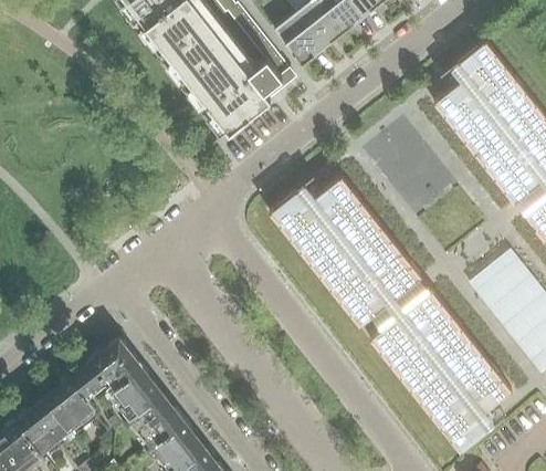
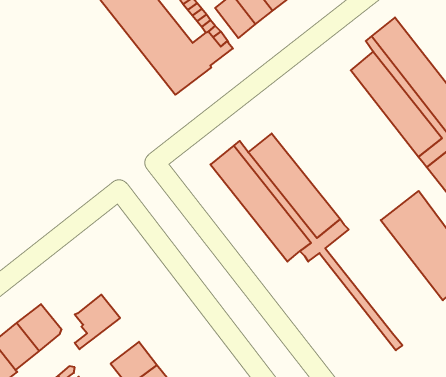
building: [403,290,512,414] -> none
building: [369,317,486,453] -> none
building: [73,342,140,392] -> none
building: [129,394,185,447] -> none

